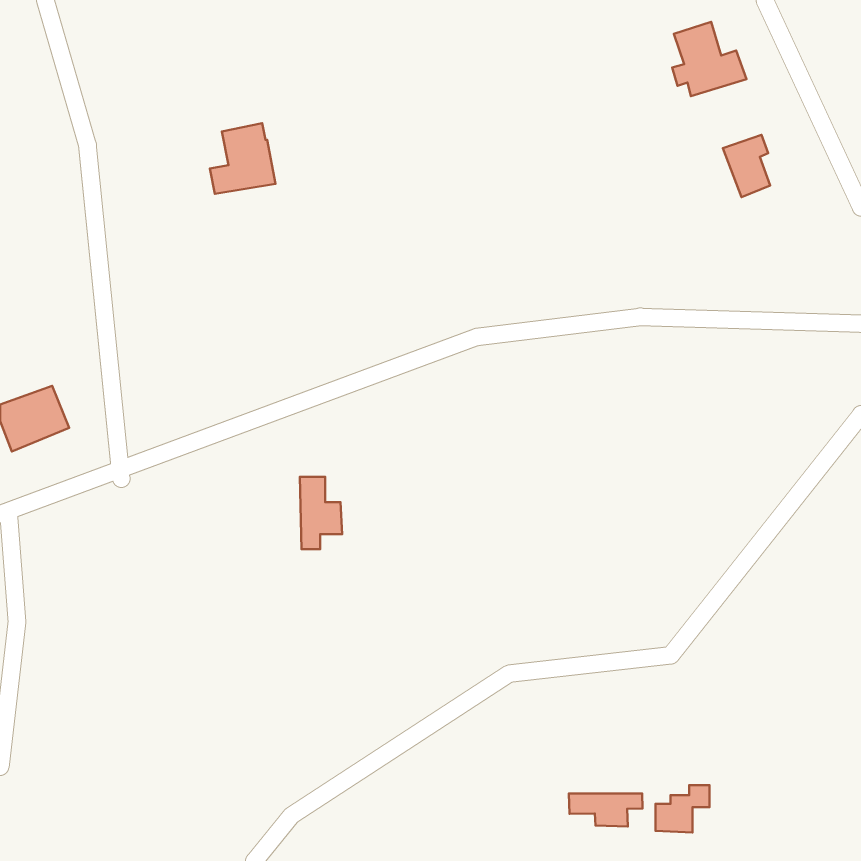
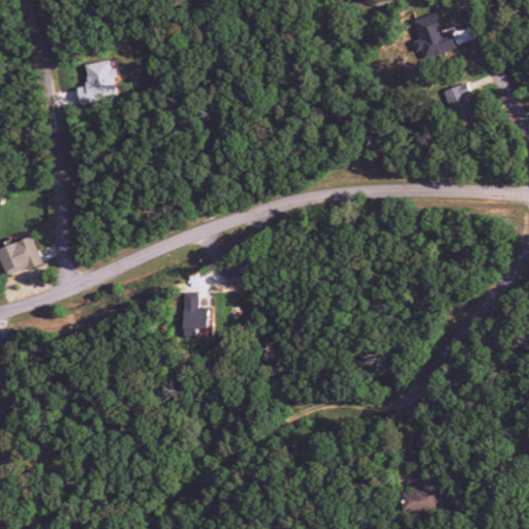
building: [210,123,276,194] -> [77,60,118,103]
building: [569,794,643,826] -> none

